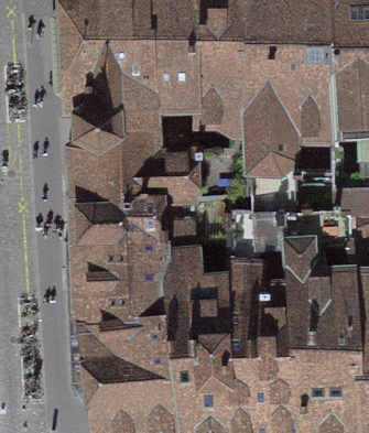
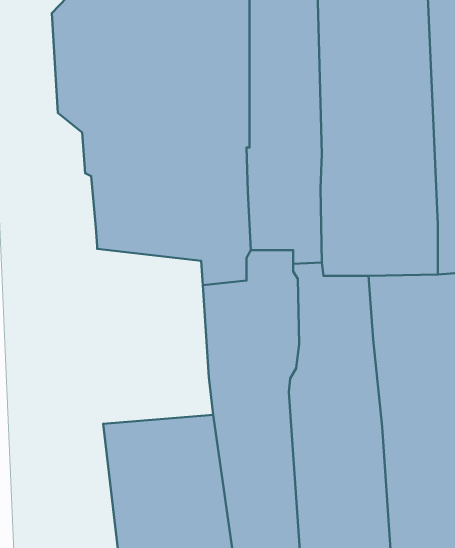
building: [74,190,169,317] -> none

